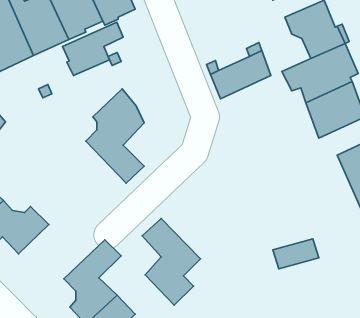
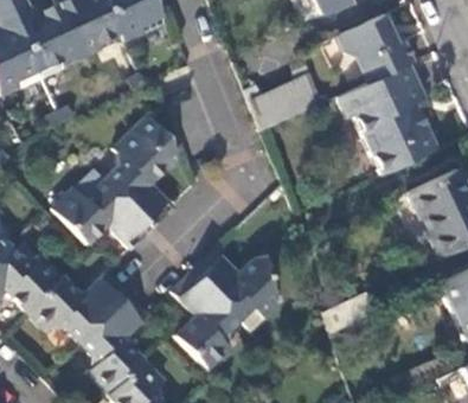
building: [62,22,123,76] -> none
building: none -> [49,179,150,249]
building: none -> [192,250,275,331]
building: none -> [24,273,126,341]

